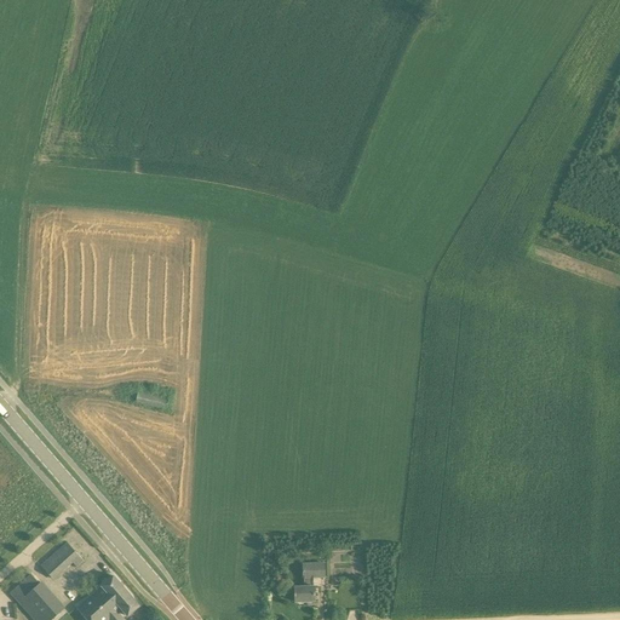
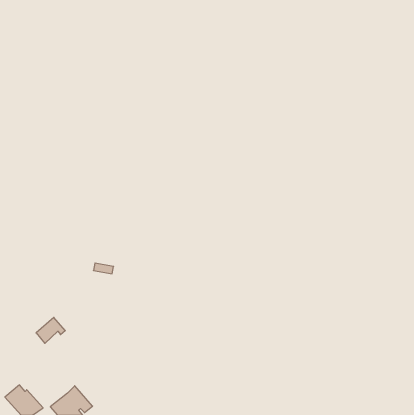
building: [39,541,82,580] -> [36,317,65,343]
building: [293,562,323,602] -> none

